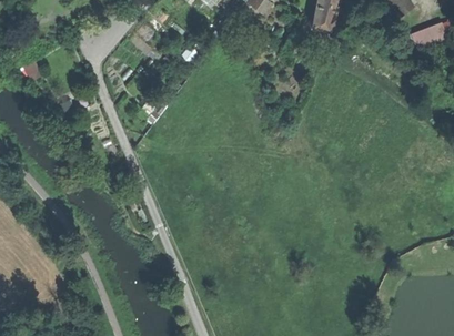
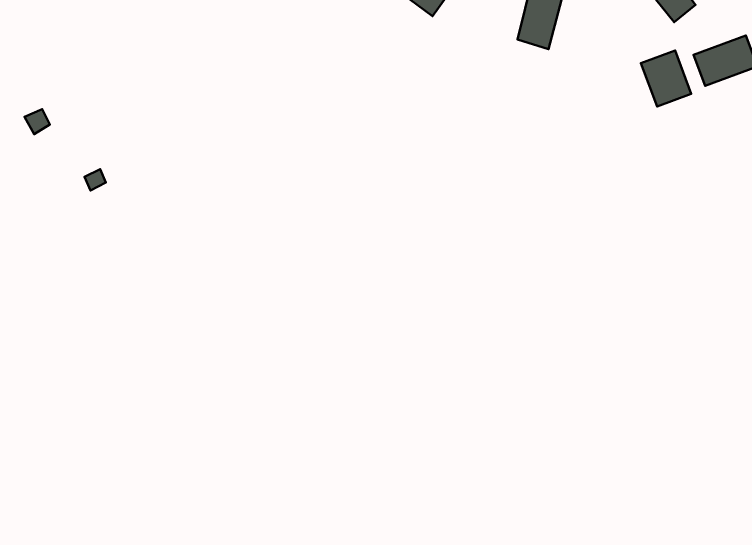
building: none -> [641,51,691,106]

